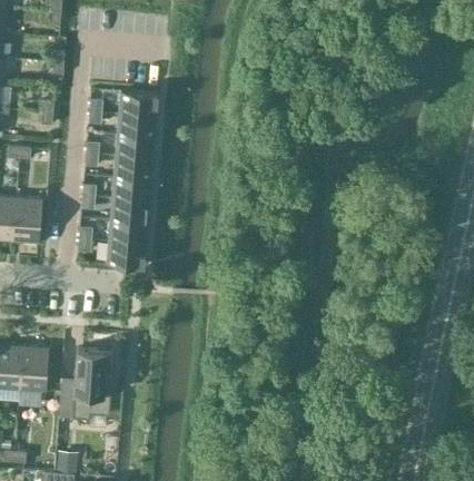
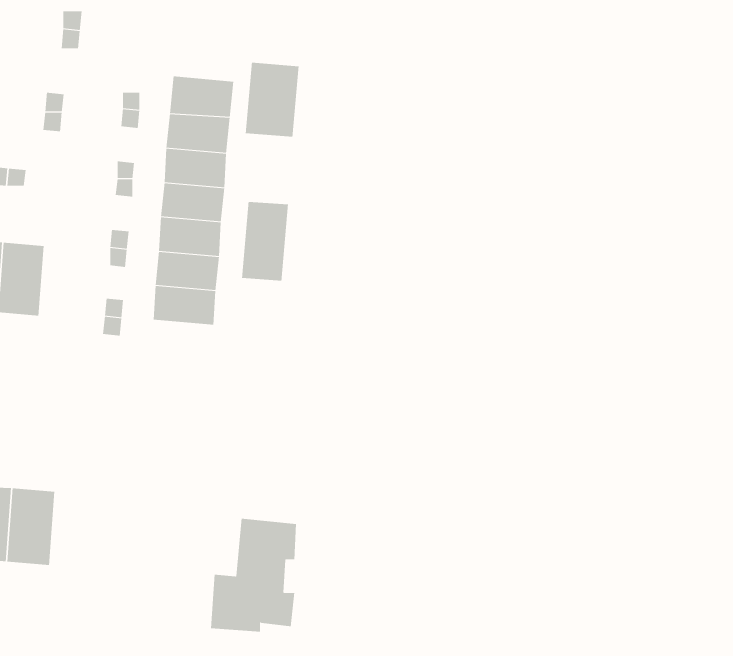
building: none -> [245,62,299,138]
building: none -> [241,201,289,281]
building: [107,243,147,268] -> none
building: [59,351,112,421] -> [210,518,297,632]

